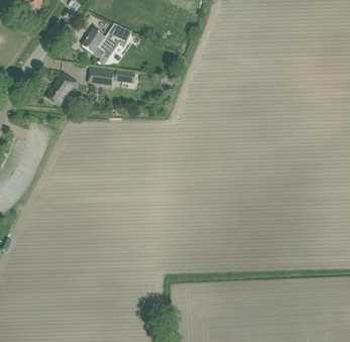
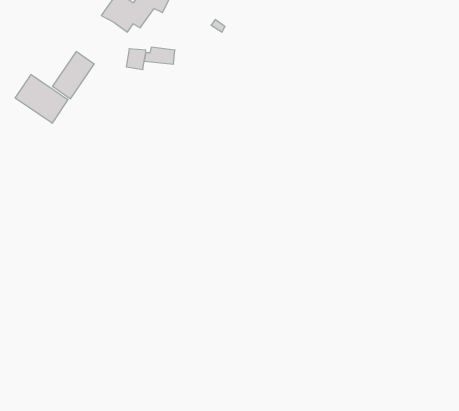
building: none -> [15,75,68,123]

